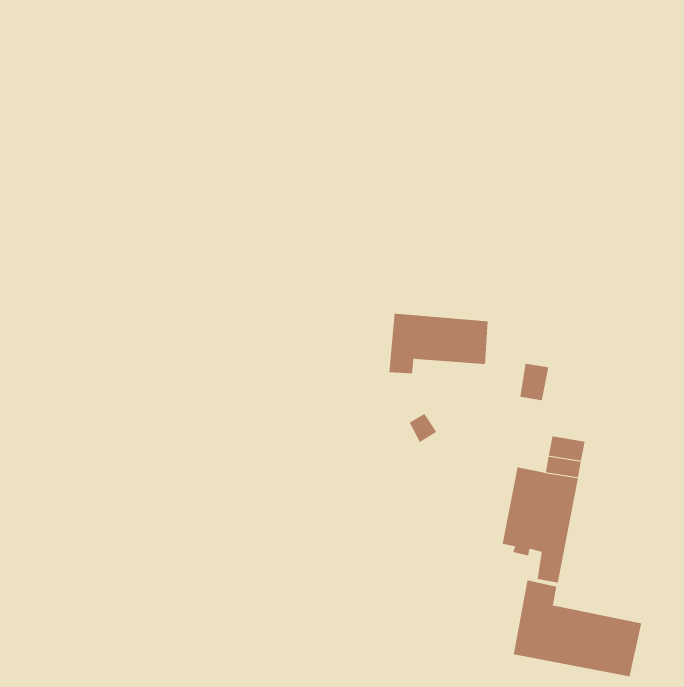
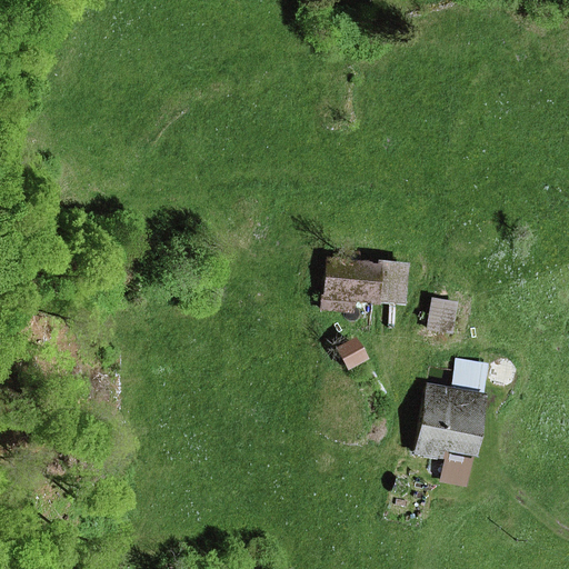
building: [513,579,642,677] -> none

